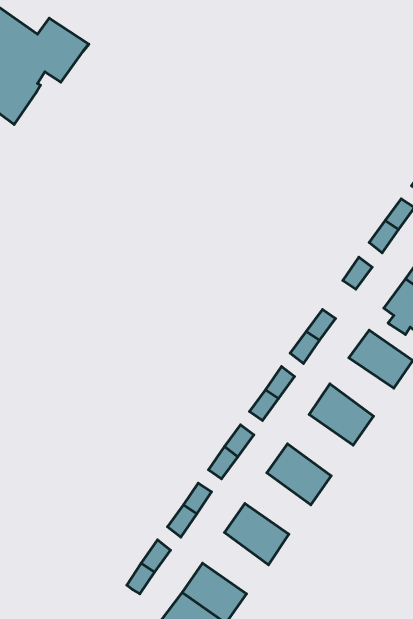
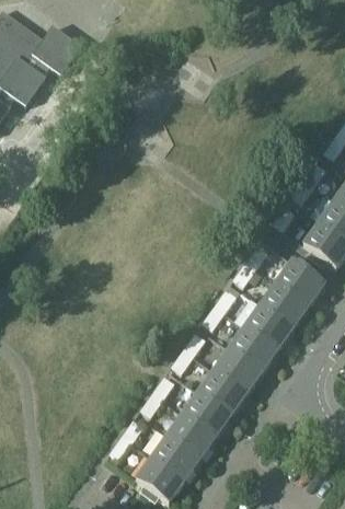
building: none -> [262,280,310,324]
building: none -> [230,323,279,369]
building: none -> [198,367,248,413]
building: none -> [166,412,216,458]

